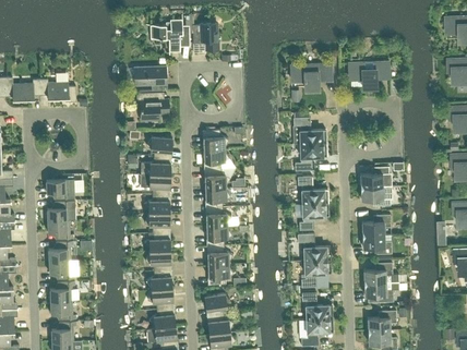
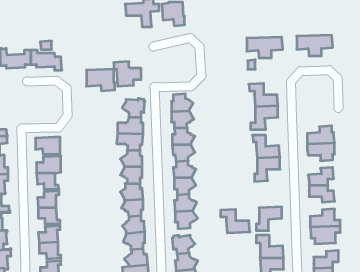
building: [134,67,167,92] -> [86,69,115,91]
building: [297,234,331,262] -> [221,209,250,233]

